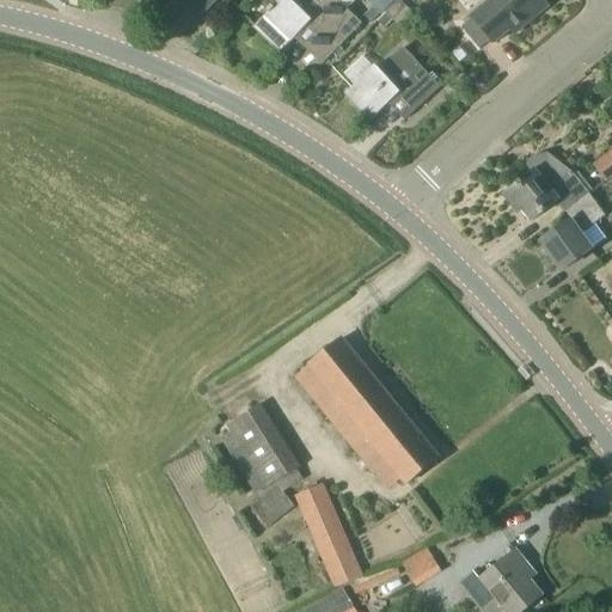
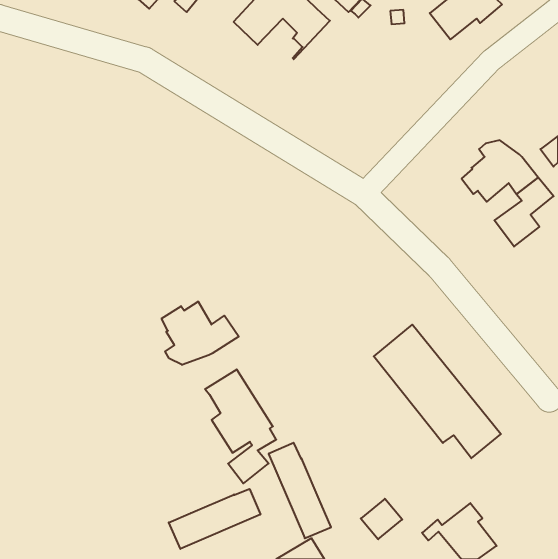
building: [343,47,439,120] -> none
building: none -> [162,301,239,365]
building: [298,337,436,483] -> [374,325,501,458]
building: none -> [169,489,260,549]

